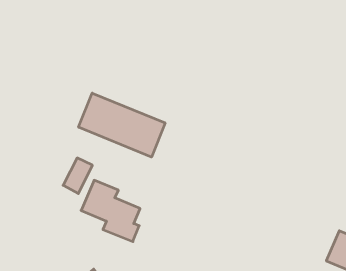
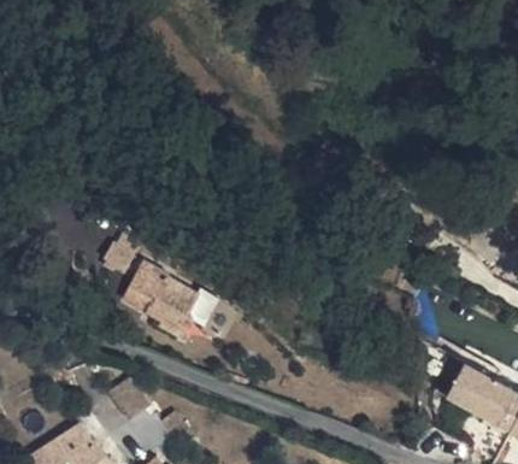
building: [79,93,165,157] -> none

